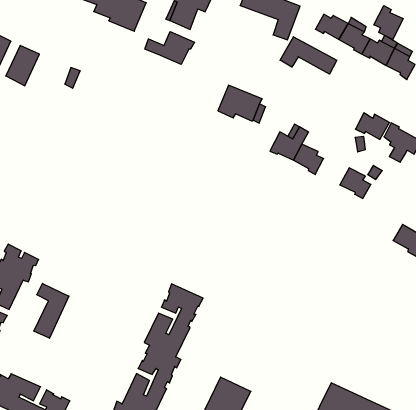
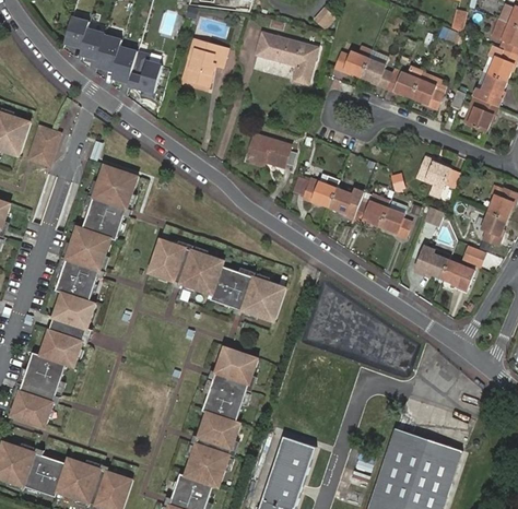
building: [374,6,403,40] -> none
building: [145,32,195,64] -> none
building: [280,37,337,74] -> none
building: none -> [52,162,136,324]
building: [355,113,389,139] -> [354,201,388,226]
building: none -> [148,239,284,320]
building: none -> [416,238,449,276]
building: [34,283,69,338] -> none

